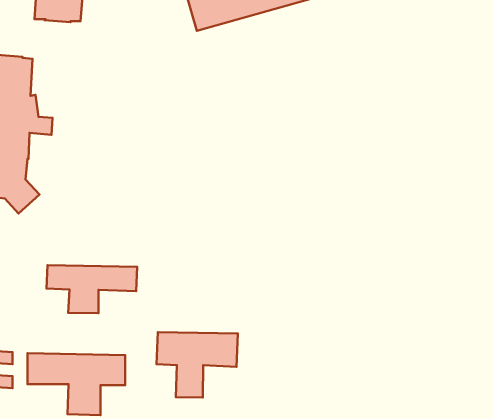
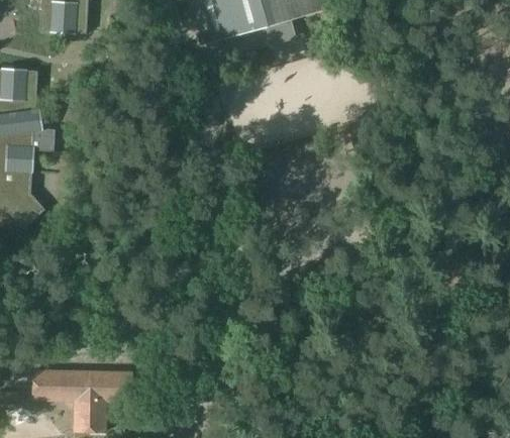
building: [47,265,137,313] -> none
building: [157,332,238,397] -> none

